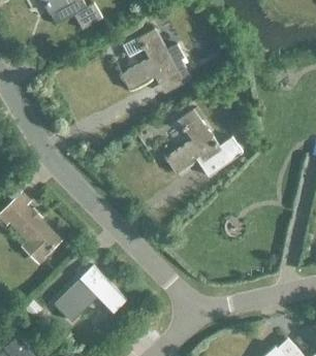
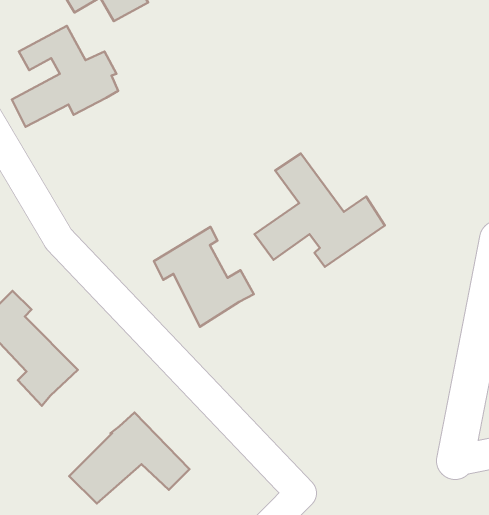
building: [121,29,185,90] -> [12,26,118,127]
building: none -> [154,227,254,327]

